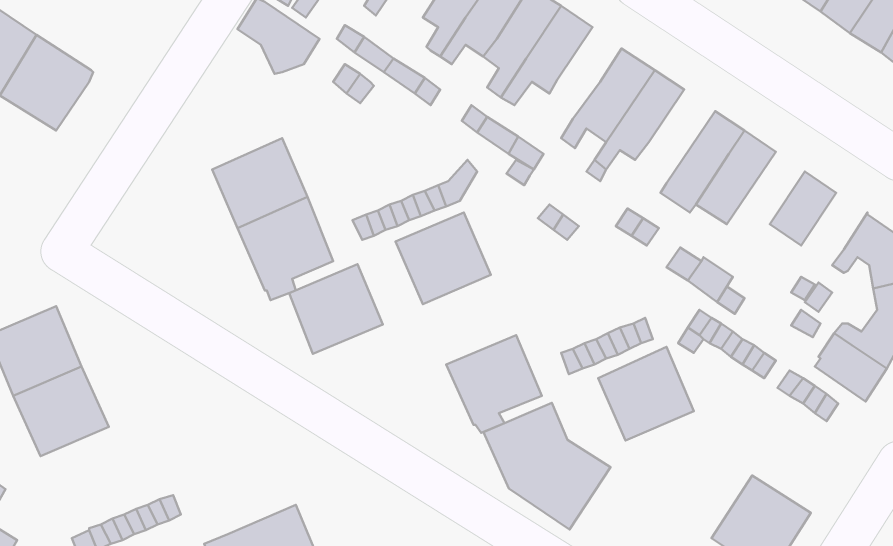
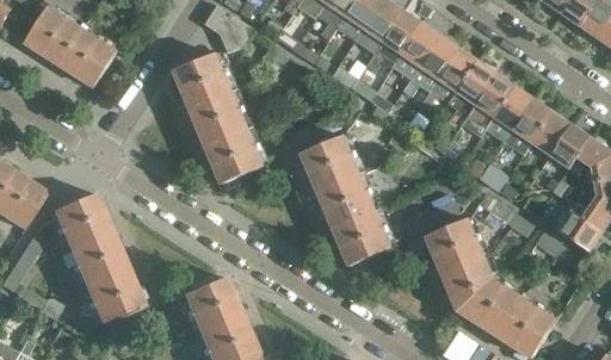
building: none -> [393,23,440,79]
building: none -> [174,51,233,110]
building: none -> [448,61,498,132]
building: none -> [505,99,553,155]
building: none -> [550,124,591,169]
building: [289,264,383,354] -> [319,174,376,229]
building: [484,403,610,530] -> [443,257,520,335]
building: none -> [85,267,147,324]
building: none -> [183,277,241,333]

